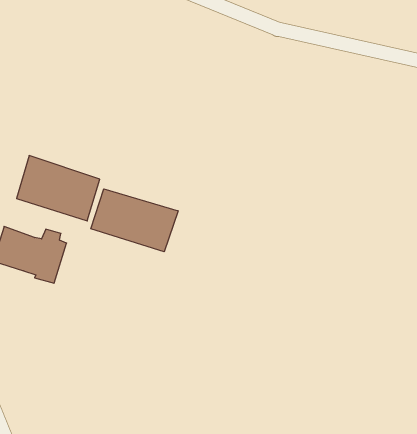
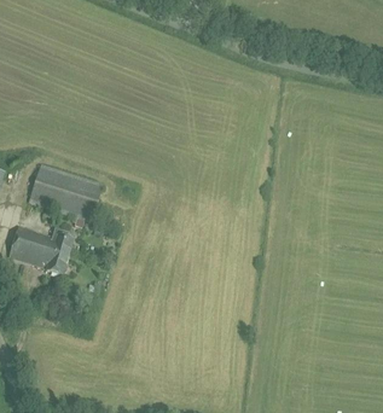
building: [91,189,178,252] -> none

